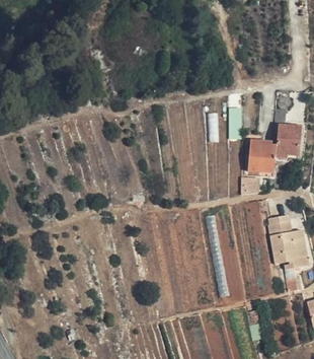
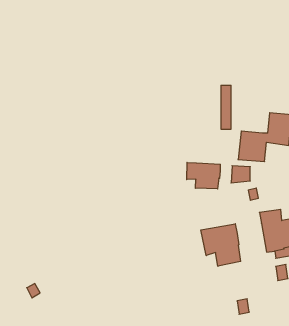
building: none -> [187,162,220,189]
building: none -> [201,224,241,266]

